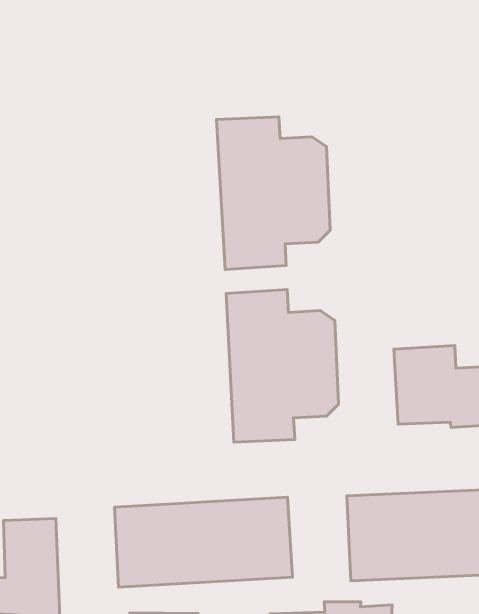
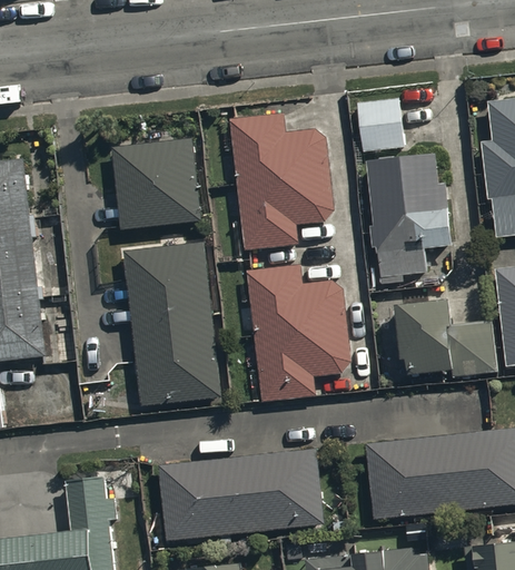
building: none -> [355,91,404,145]
building: none -> [110,130,200,224]
building: none -> [367,156,447,258]
building: none -> [123,243,220,406]

